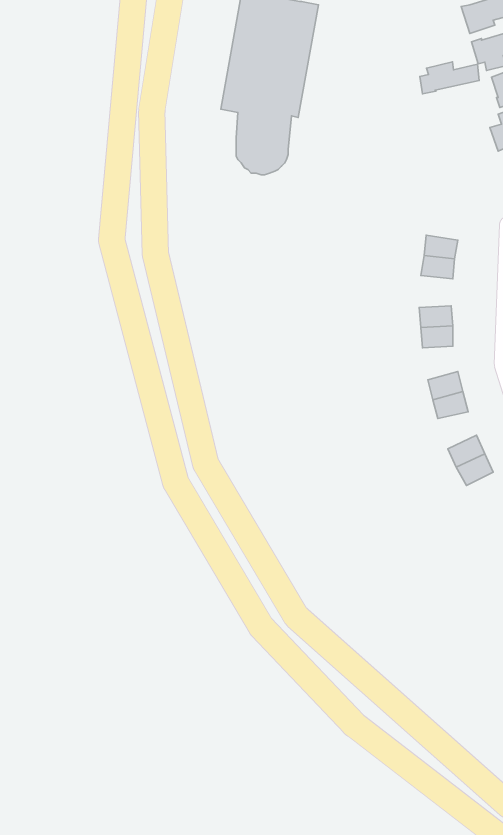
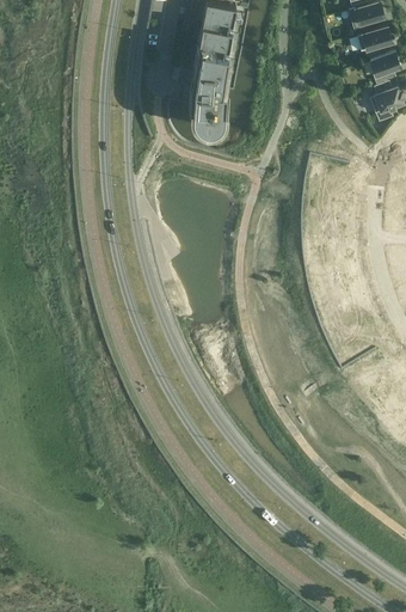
building: [420,62,479,94] -> none

